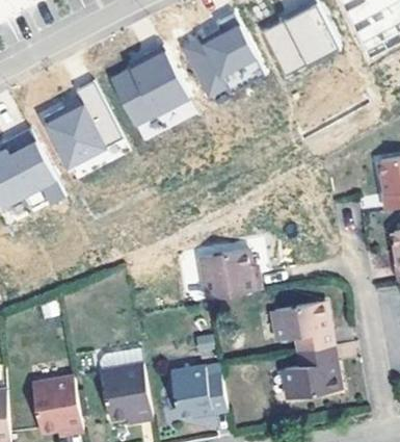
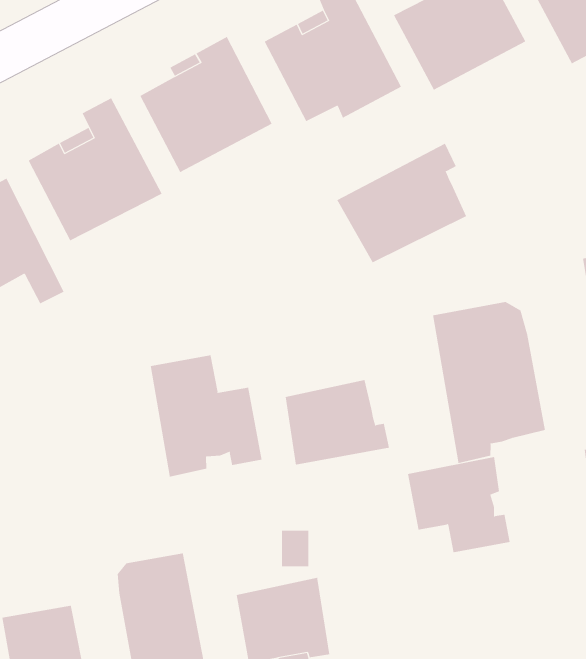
building: none -> [336,143,467,263]
building: none -> [432,301,546,464]
building: none -> [150,354,262,477]
building: [285,344,341,404] -> none

